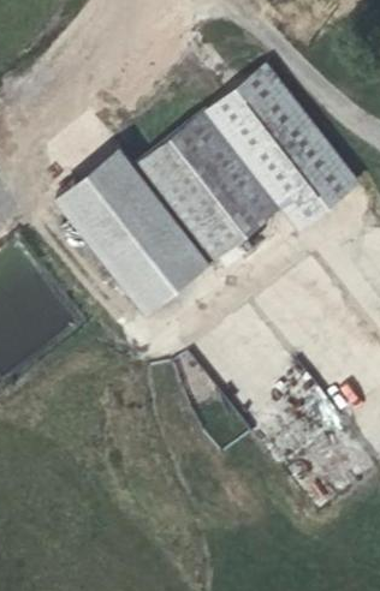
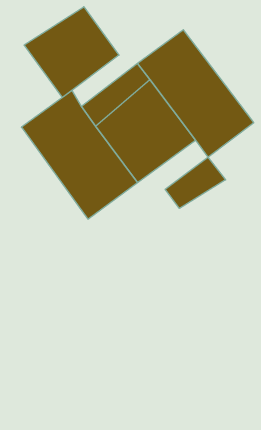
building: none -> [24,7,119,98]
building: none -> [165,157,226,208]

